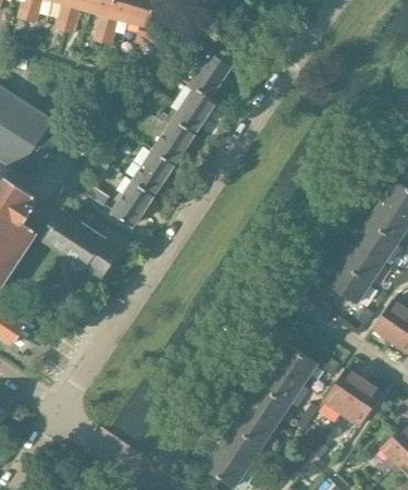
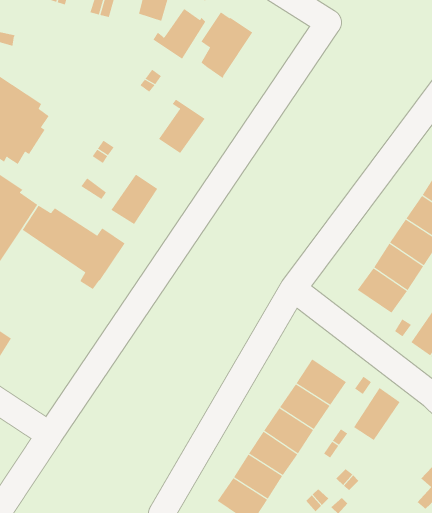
building: [168,89,214,134] -> [152,8,206,59]
building: [133,151,172,195] -> none
building: [341,381,381,427] -> none

